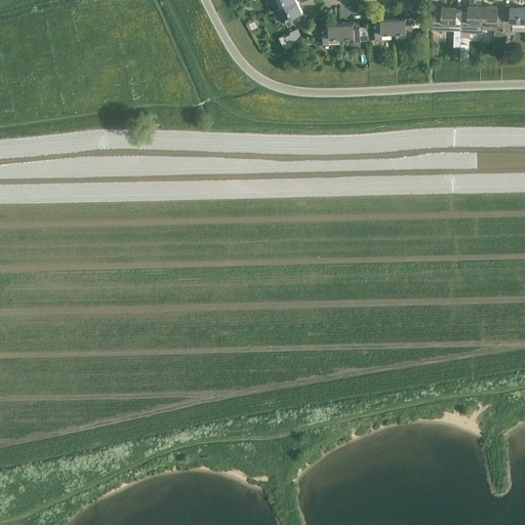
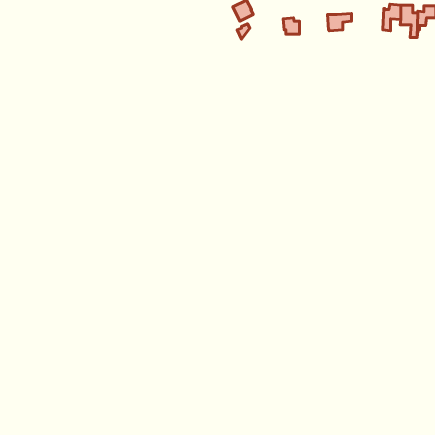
building: [434,8,462,36] -> none
building: [375,18,396,39] -> none
building: [317,24,342,44] -> none

